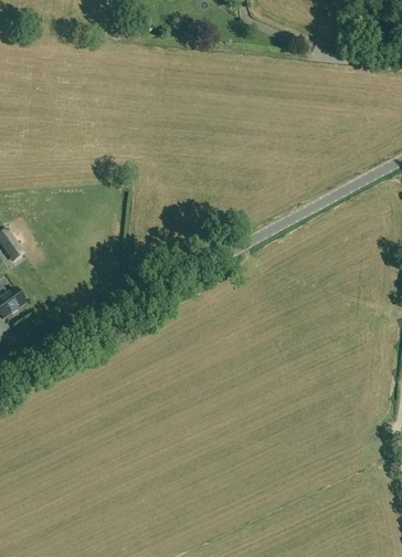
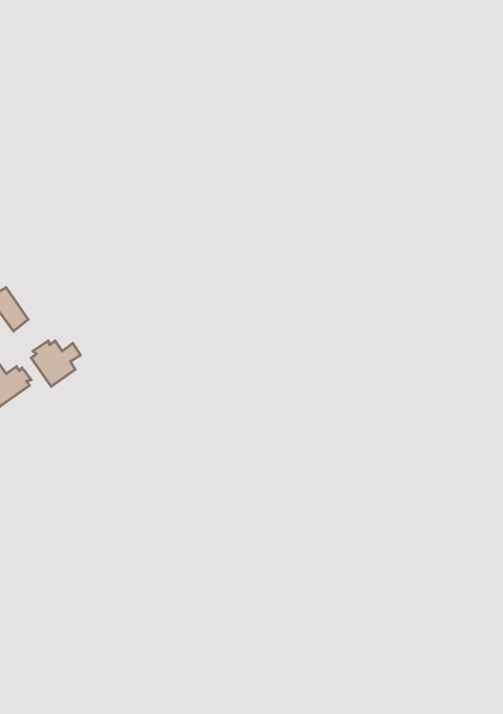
building: none -> [31,341,81,386]

